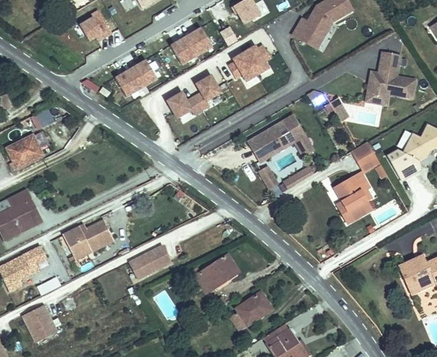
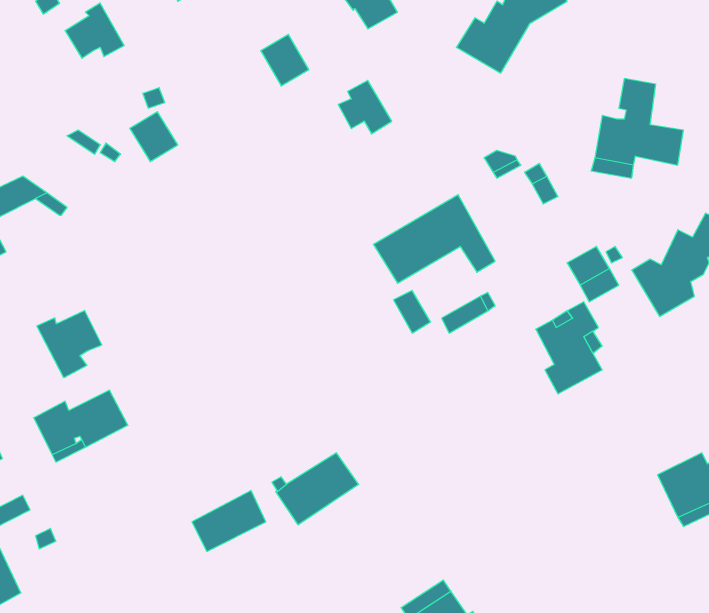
building: [170,36,197,64] -> none
building: [244,45,271,74] -> none
building: [130,60,157,87] -> none
building: [166,75,221,117] -> none
building: none -> [37,310,102,378]
building: [130,245,170,278] -> [192,491,266,551]
building: [231,291,272,330] -> none

